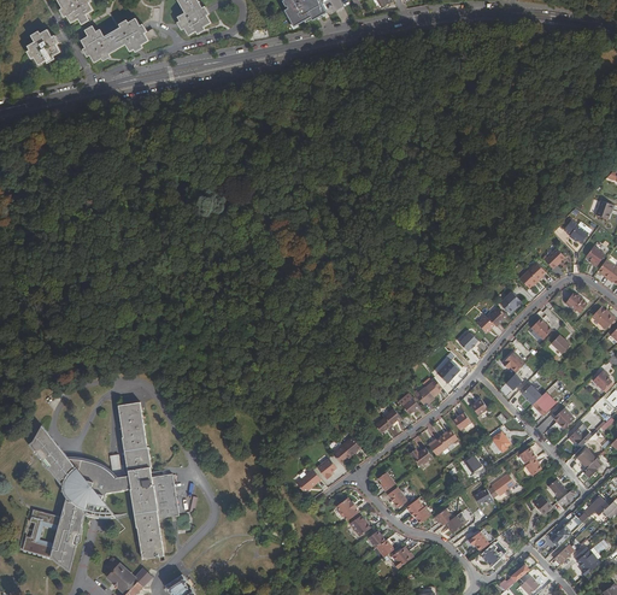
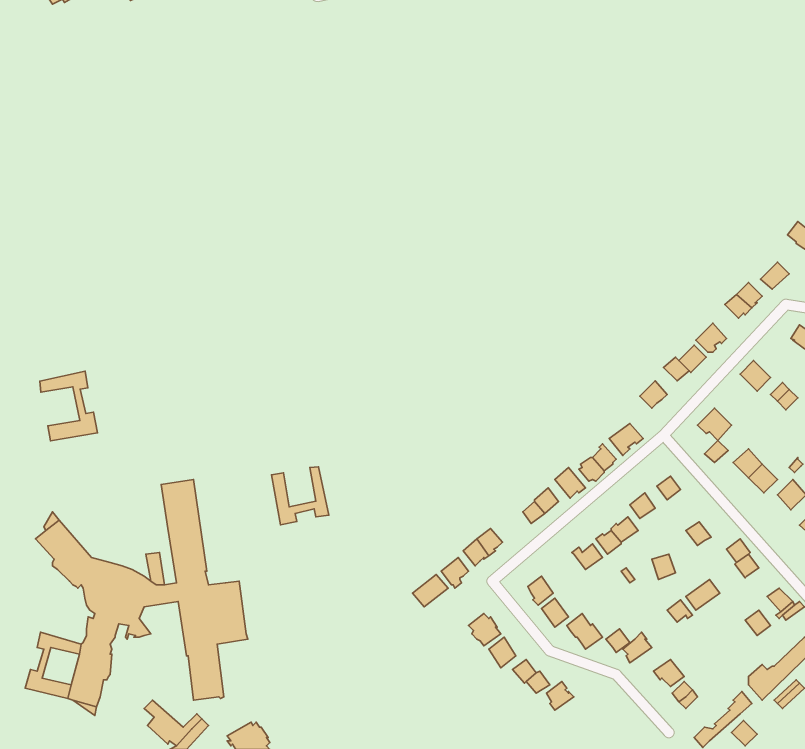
building: none -> [40,371,98,441]
building: none -> [272,467,329,525]

